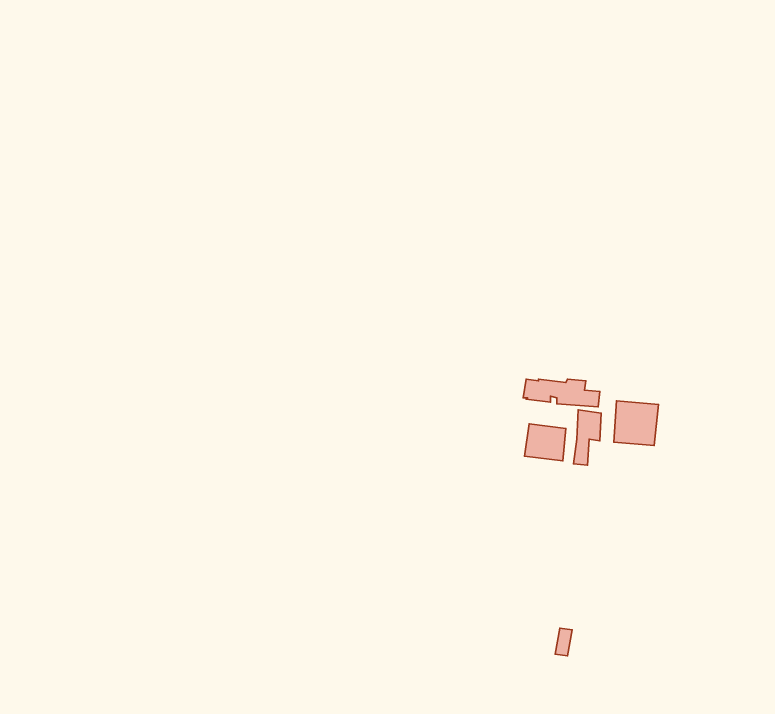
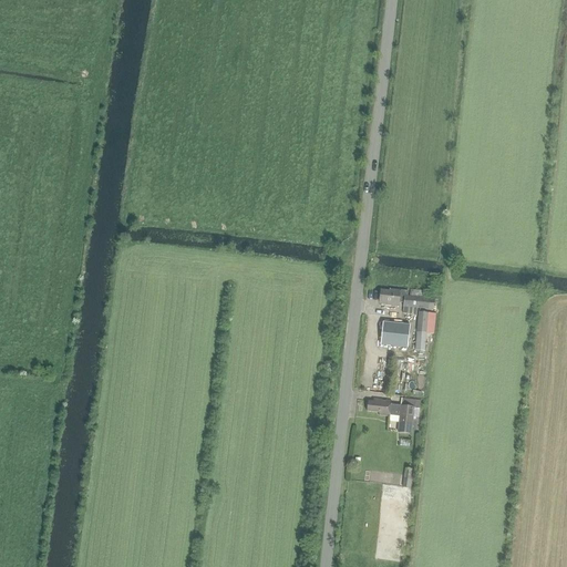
building: [614,401,658,445] -> none
building: none -> [367,396,414,432]

